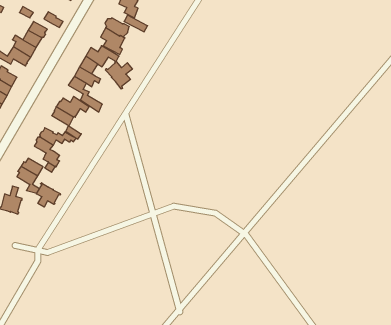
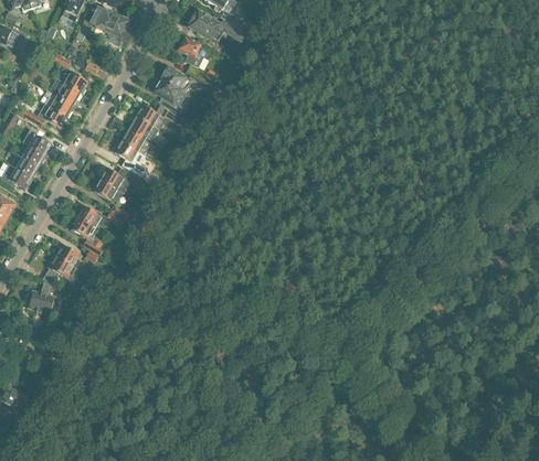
building: [106,61,132,89] -> none
building: [36,183,60,207] -> none

